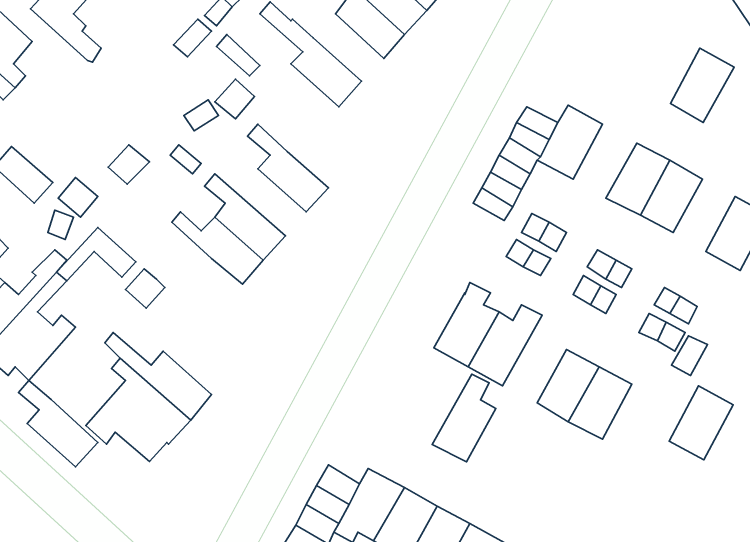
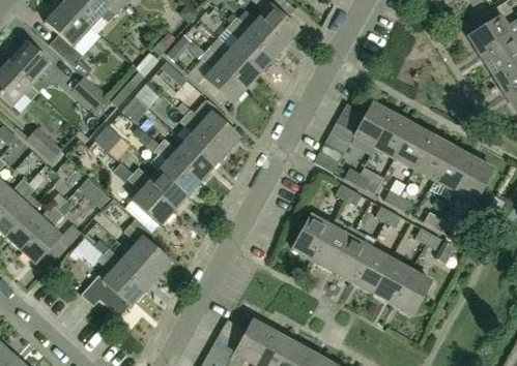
building: none -> [206,45,261,88]
building: [671,48,734,122] -> [375,114,413,158]
building: none -> [73,75,109,112]
building: none -> [185,110,241,152]
building: none -> [160,138,214,181]
building: none -> [435,147,472,190]
building: none -> [115,163,176,225]
building: [432,374,496,462] -> [333,228,371,281]
building: [19,381,98,467] -> [123,224,171,276]
building: [669,386,733,460] -> [393,270,431,314]

